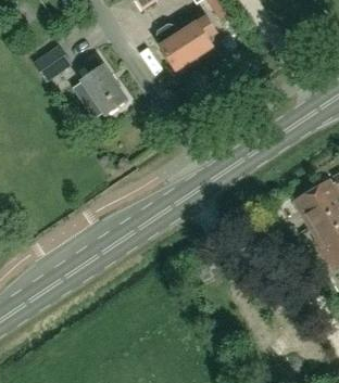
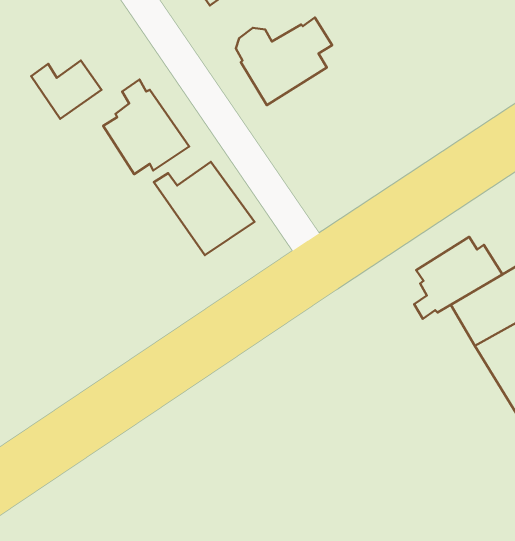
building: none -> [154,162,255,255]
building: none -> [414,237,502,319]

